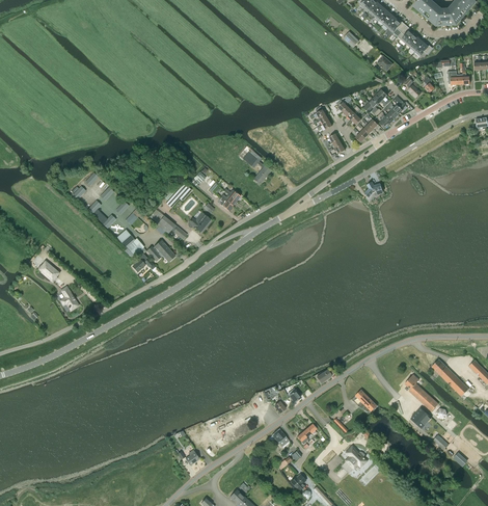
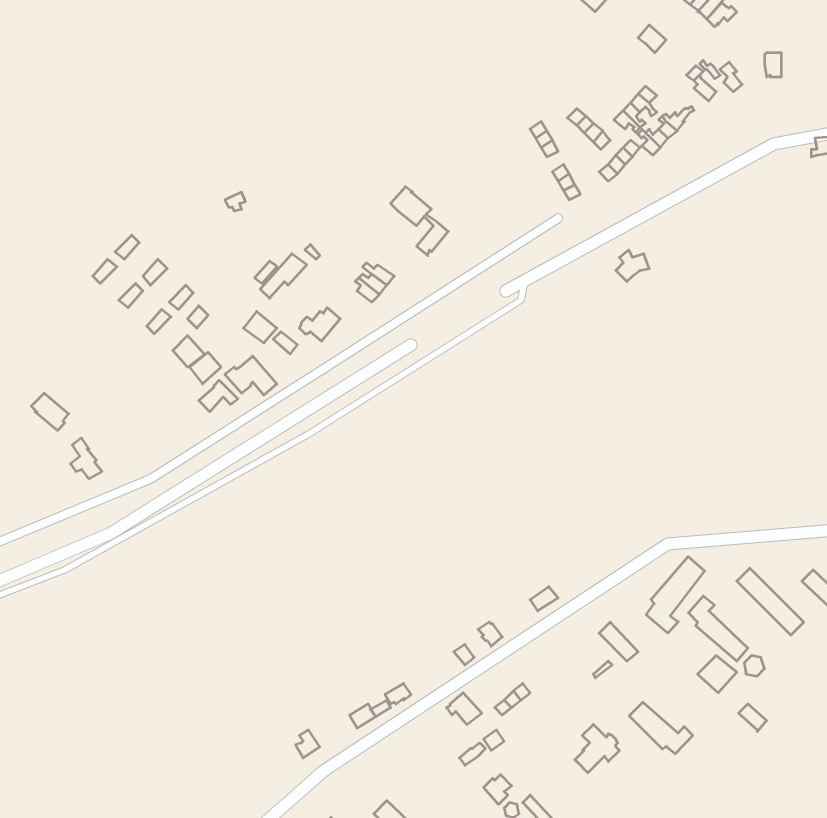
building: none -> [646,557,705,633]
building: none -> [629,702,693,754]

